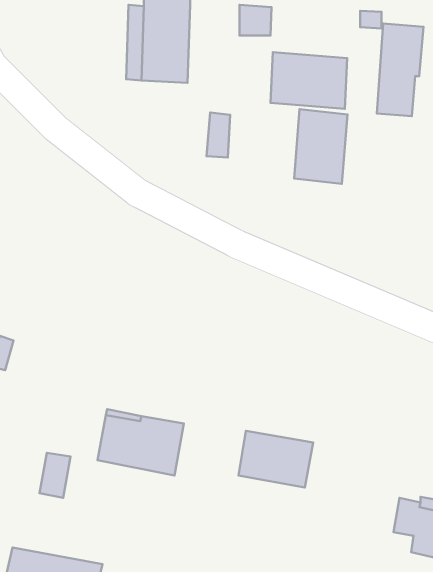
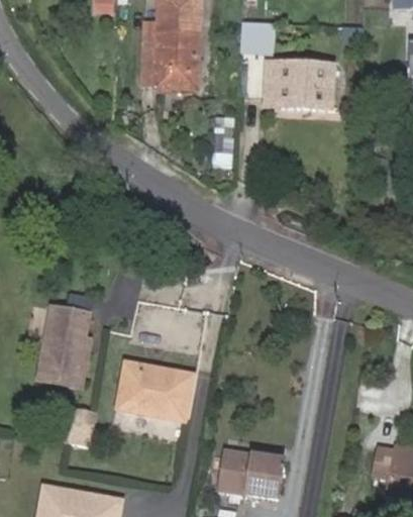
building: [377,24,423,116] -> none
building: [294,109,347,184] -> none
building: none -> [40,309,91,389]
building: [239,431,313,487] -> [220,448,284,497]

